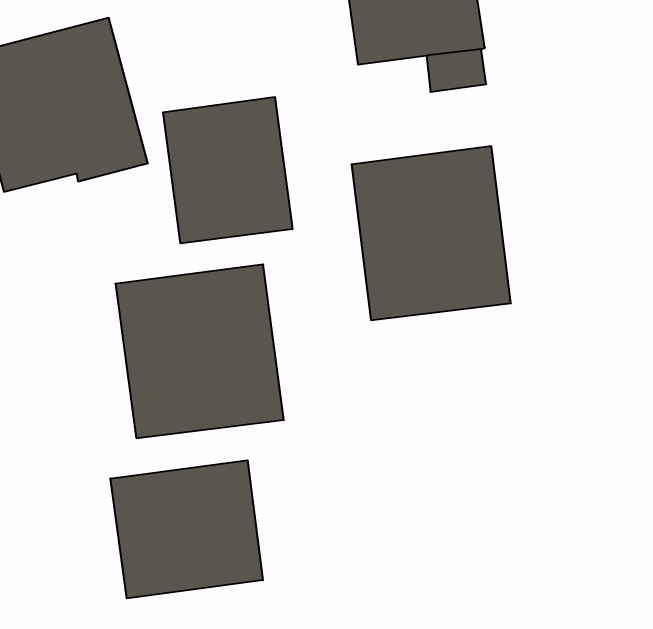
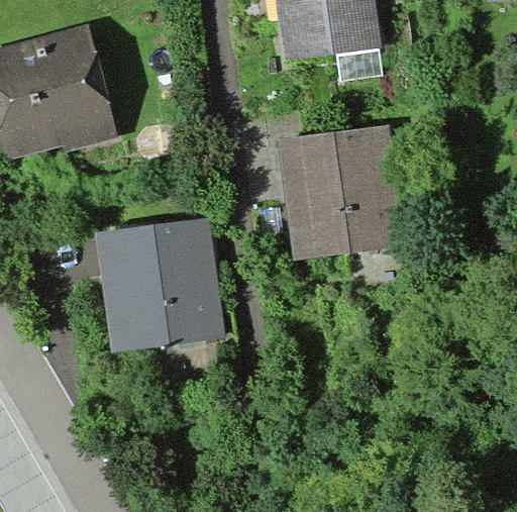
building: [163,97,292,243] -> none
building: [110,460,263,598] -> none

